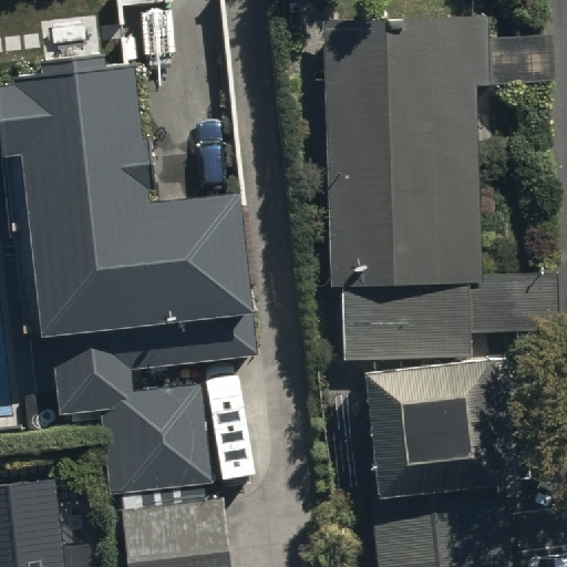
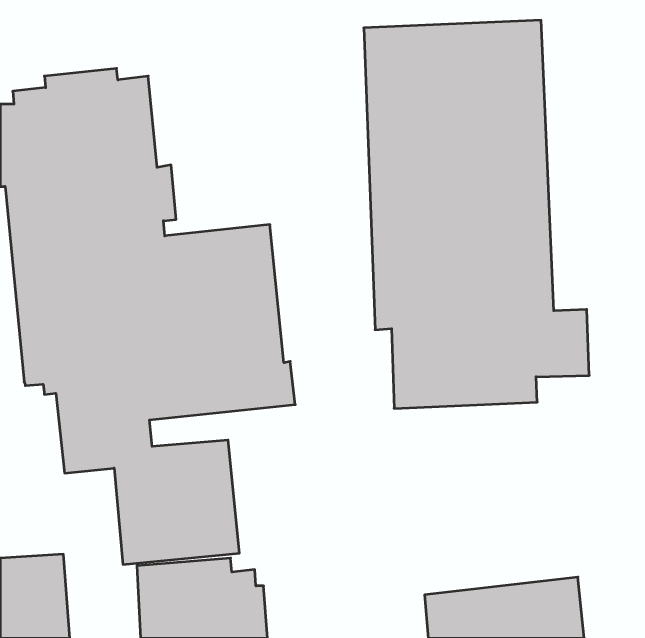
building: [368,363,504,505] -> none

